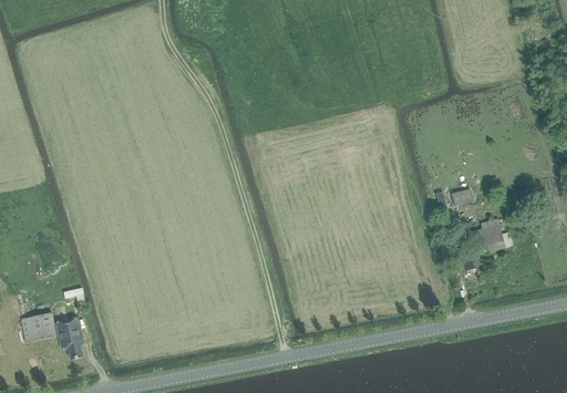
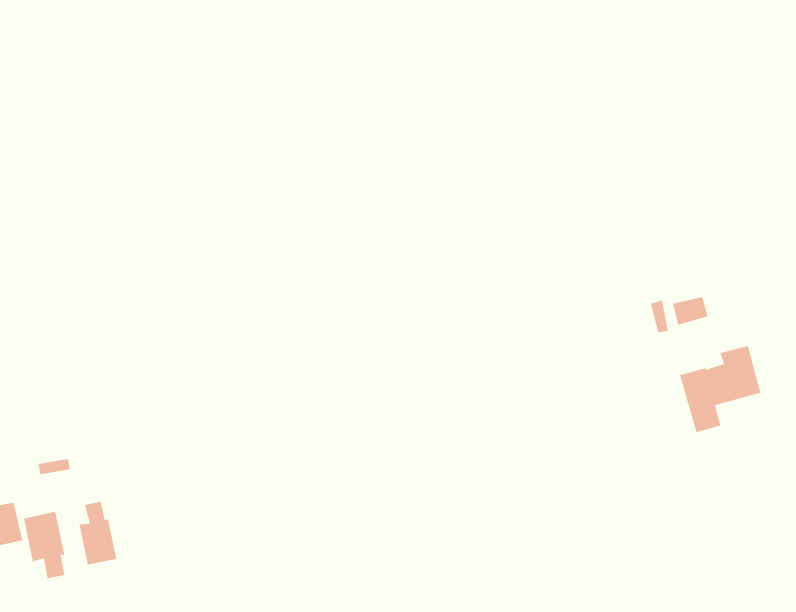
building: none -> [79,501,117,565]

